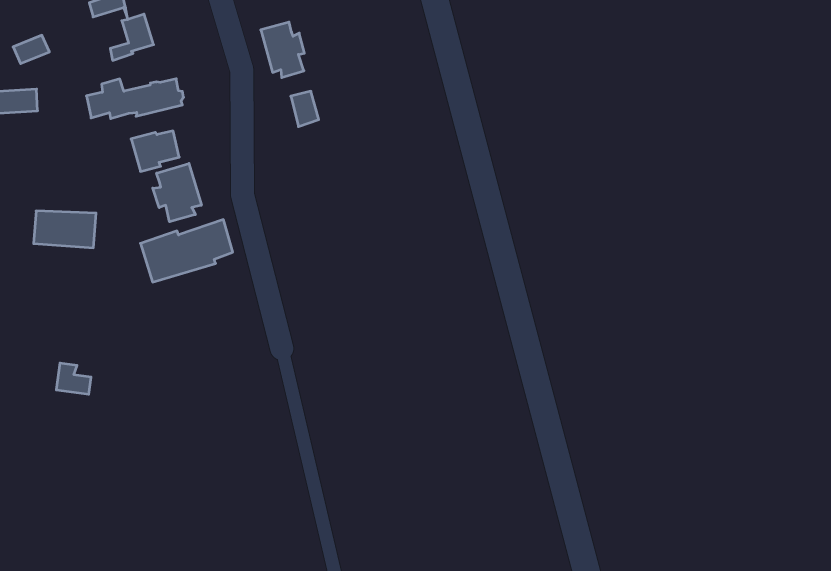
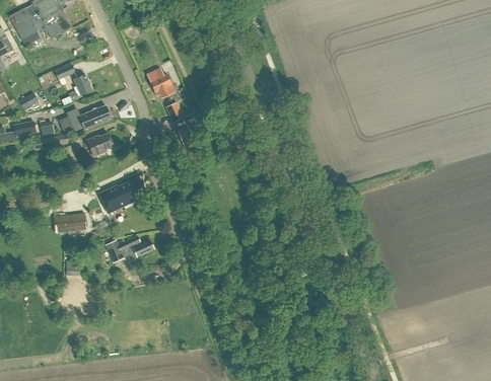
building: [153,163,201,222] -> none
building: [34,211,96,248] -> [53,212,85,232]
building: none -> [106,233,153,263]

